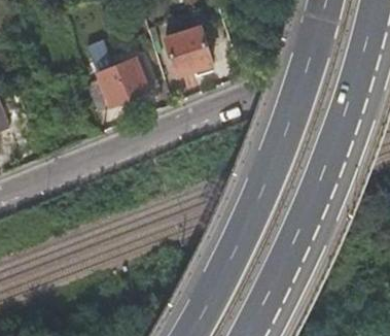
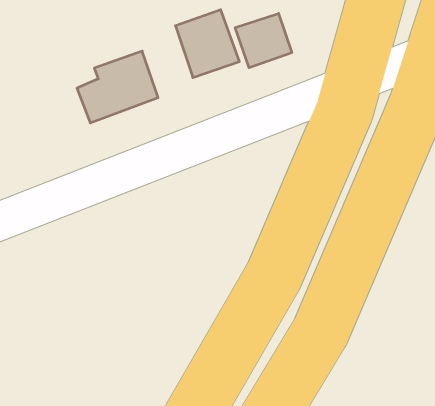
building: none -> [235,13,292,68]

